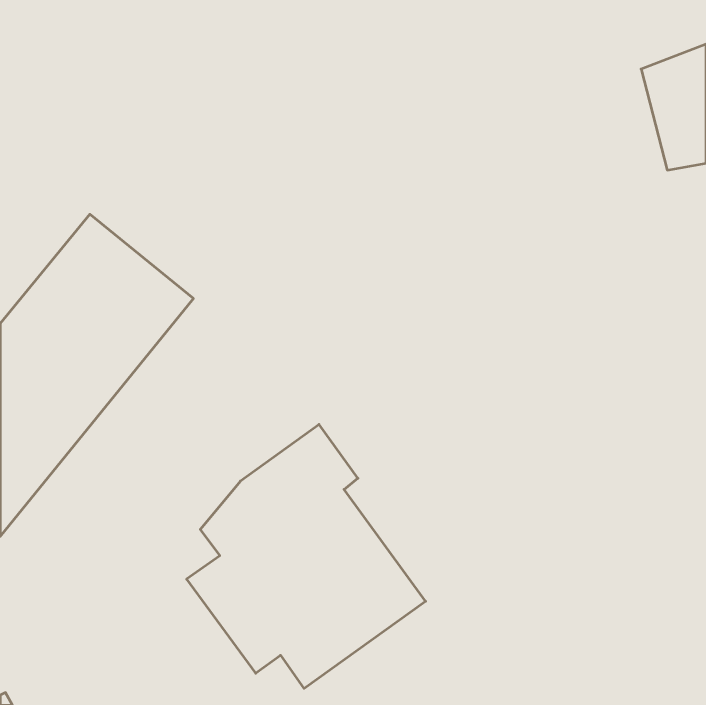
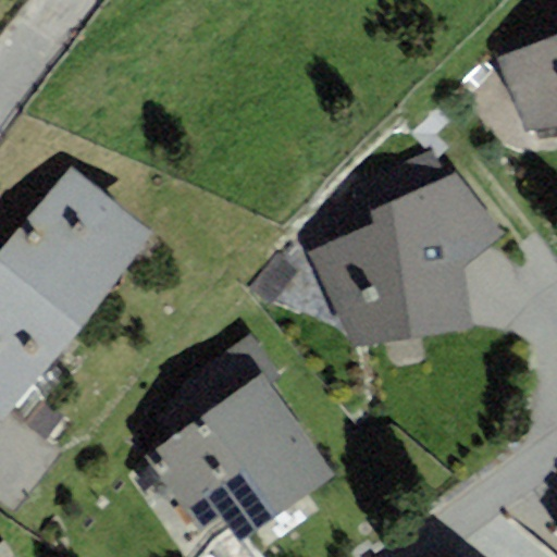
building: none -> [309,149,504,345]

